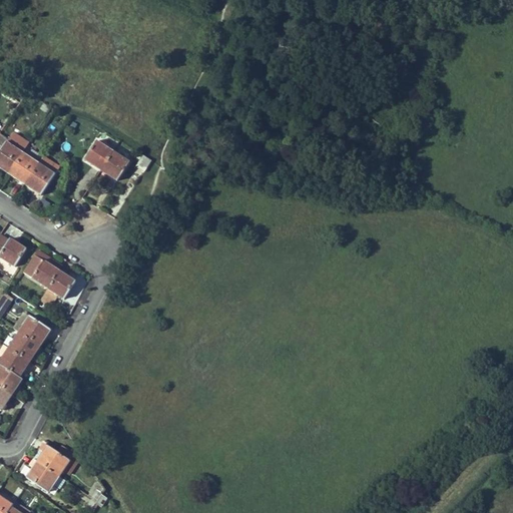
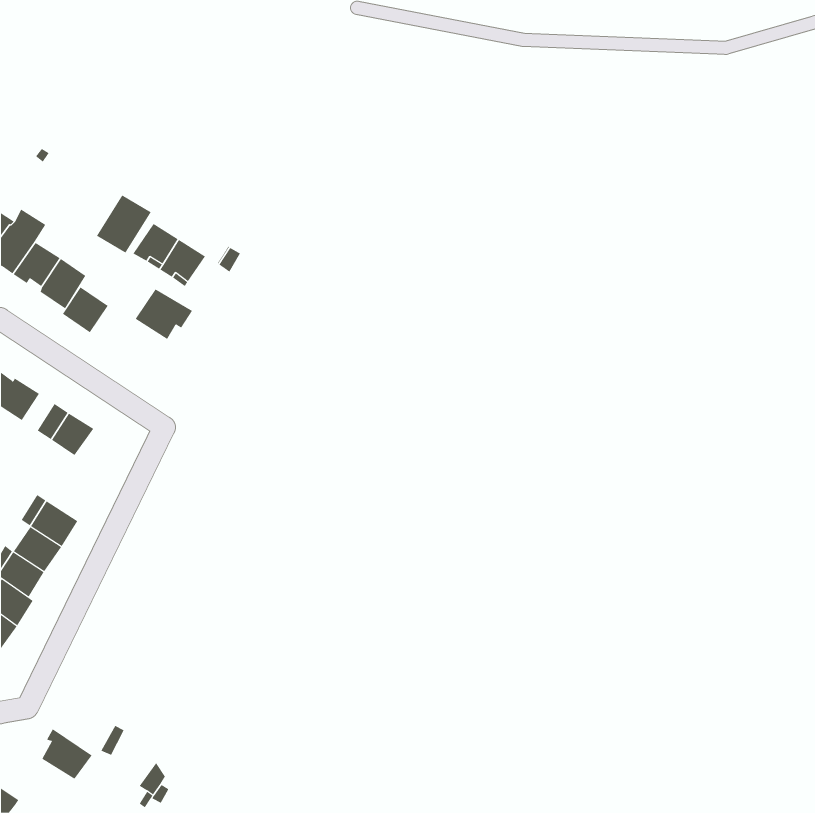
building: none -> [96,195,152,253]
building: none -> [62,286,108,333]
building: none -> [135,288,193,340]
building: [40,270,74,306] -> none
building: [33,443,68,475] -> none

